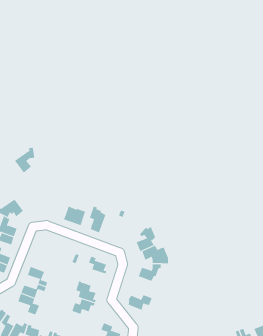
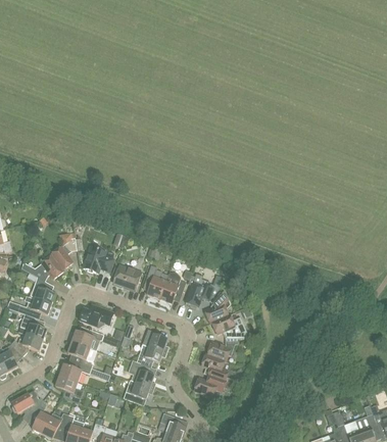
building: [14,147,35,174] -> [50,237,77,271]
building: none -> [82,246,113,273]
building: none -> [158,273,185,303]
building: none -> [185,274,223,307]
building: none -> [79,306,112,327]
building: none -> [70,330,103,350]
building: none -> [136,343,166,365]
building: none -> [199,353,228,381]

